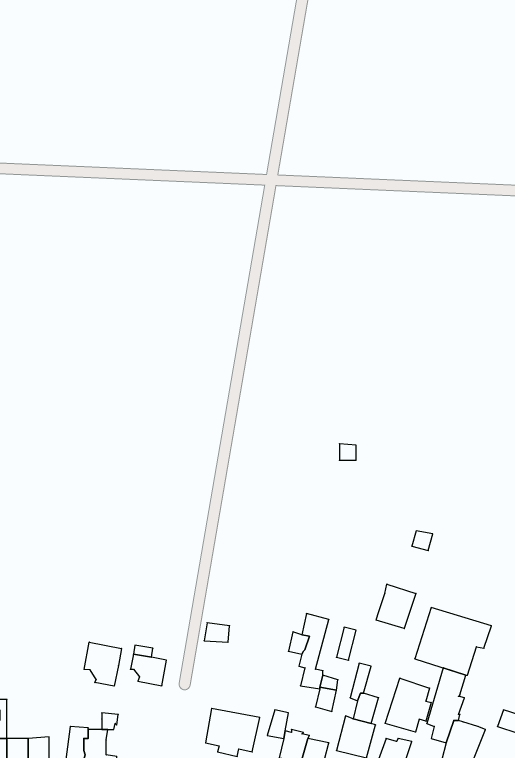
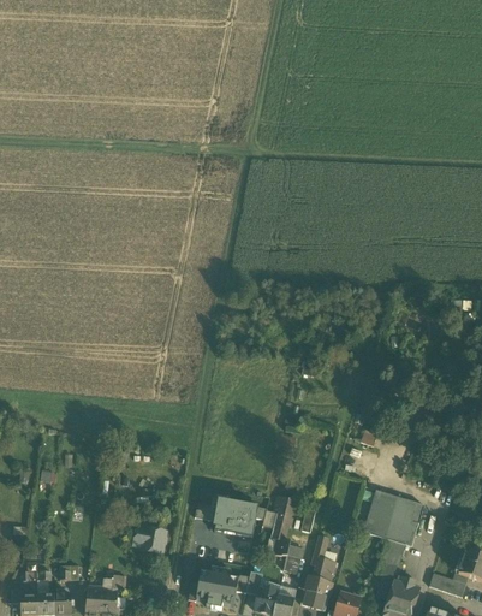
building: [376,584,416,629] -> none
building: none -> [215,499,257,538]
building: [84,642,121,686] -> none
building: [385,678,431,732] -> none

